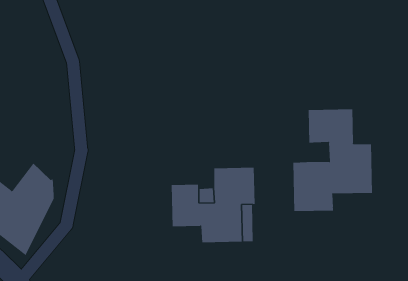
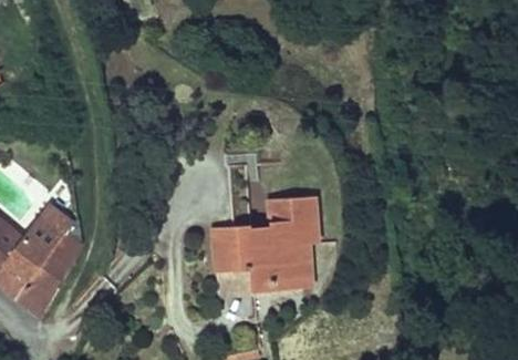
building: [293,108,373,212] -> none

